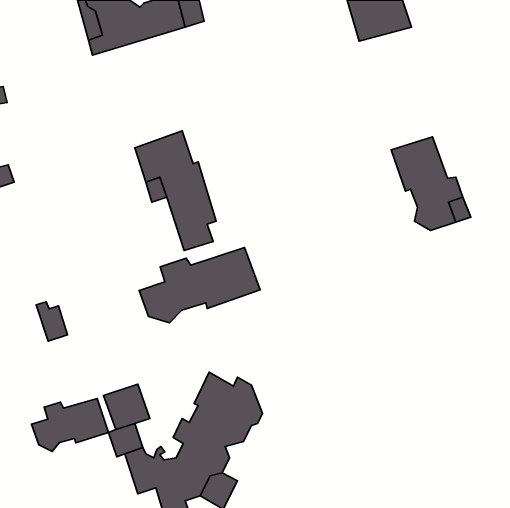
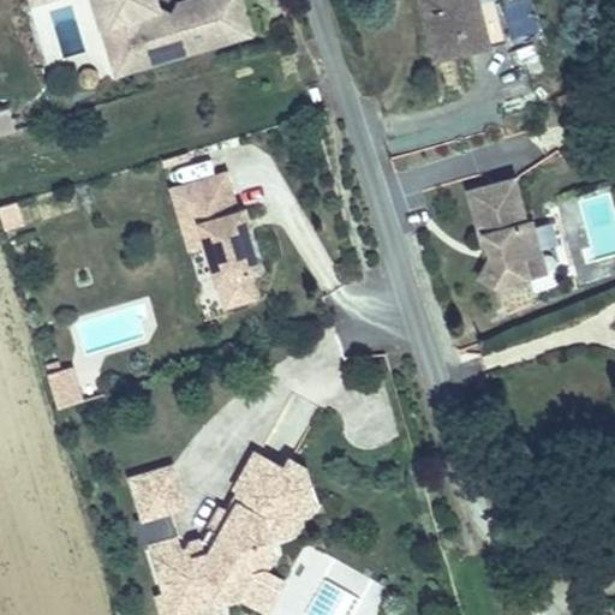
building: [139,248,260,323] -> none
building: [32,398,109,451] -> none

